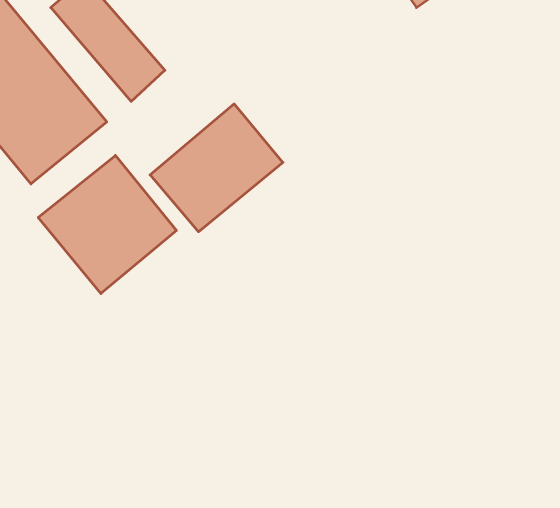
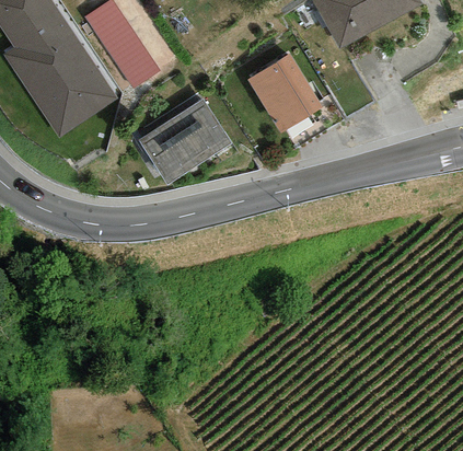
building: none -> [247,53,322,131]
building: [38,155,176,294] -> none

